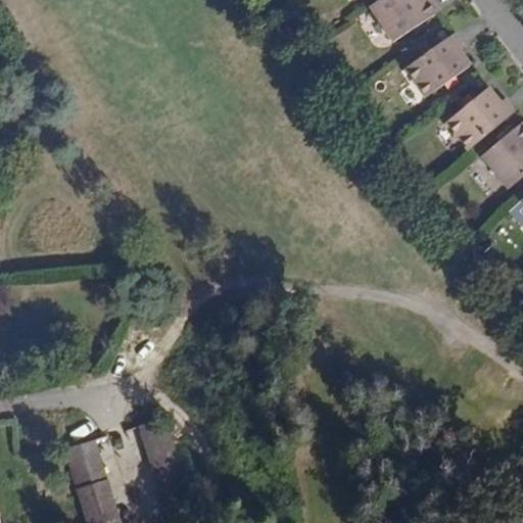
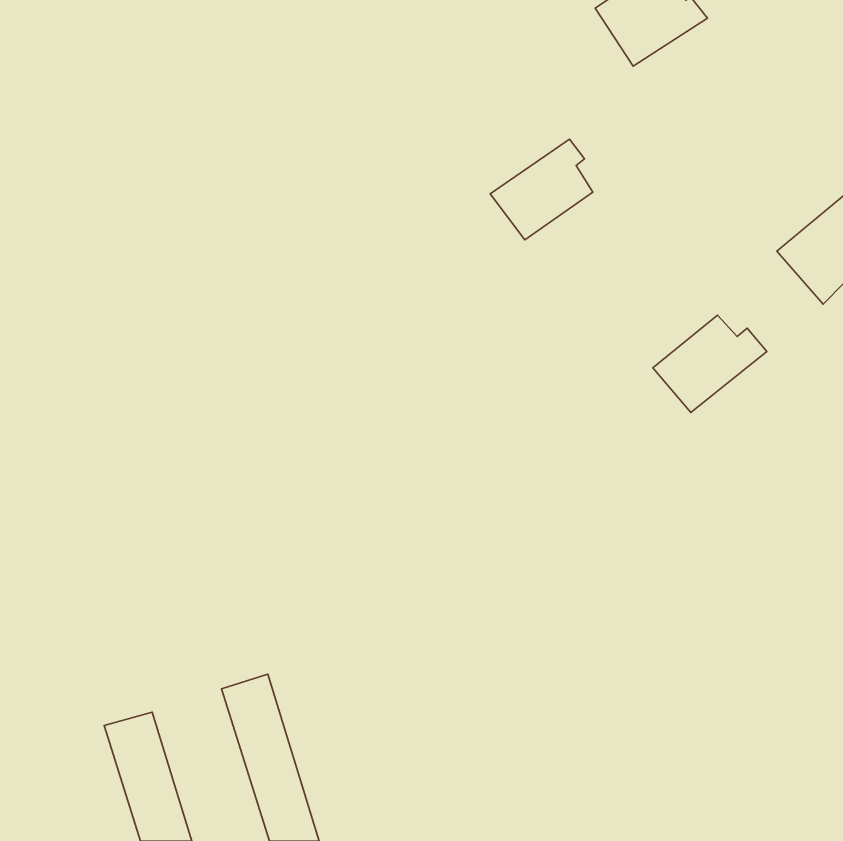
building: [405,34,468,96] -> [490,139,593,240]
building: [445,89,516,149] -> [653,315,767,413]

